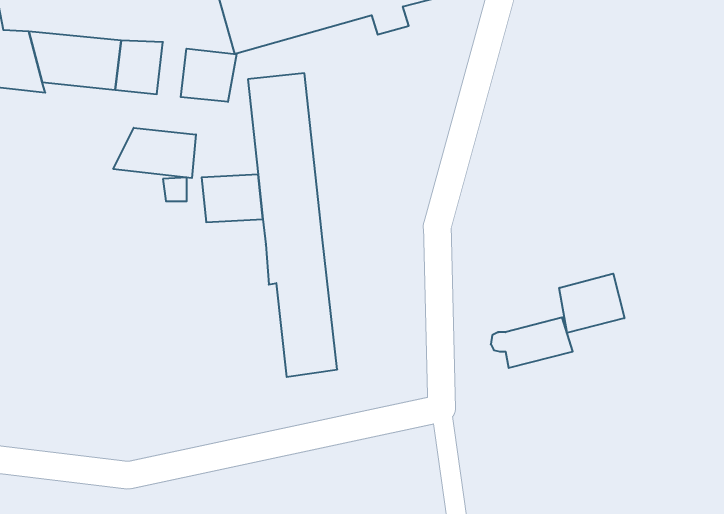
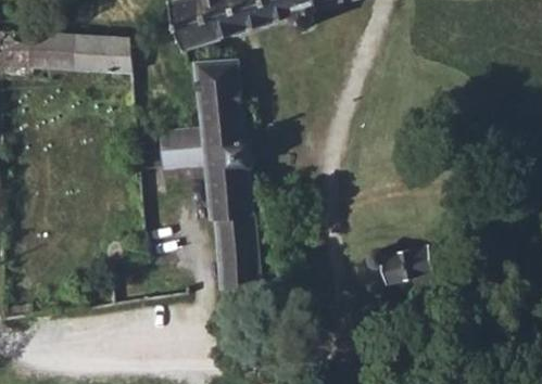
building: [181,49,237,102] -> none
building: [113,128,196,178] -> none
building: [559,274,624,333] -> none

